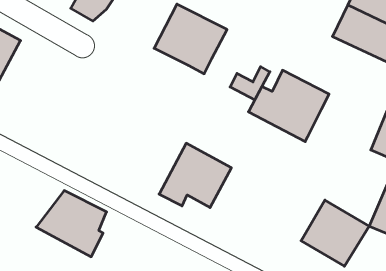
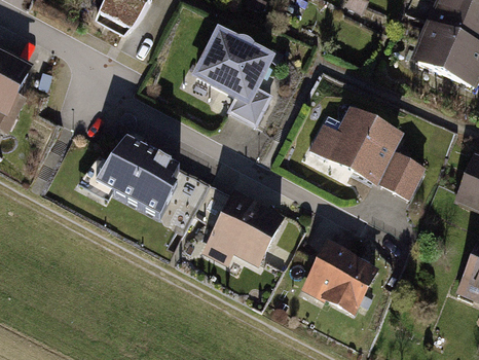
building: [230,67,270,100] -> [225,87,273,128]
building: none -> [378,149,428,199]
building: [36,191,107,257] -> [85,142,171,222]
building: [301,200,369,266] -> [298,237,380,317]

